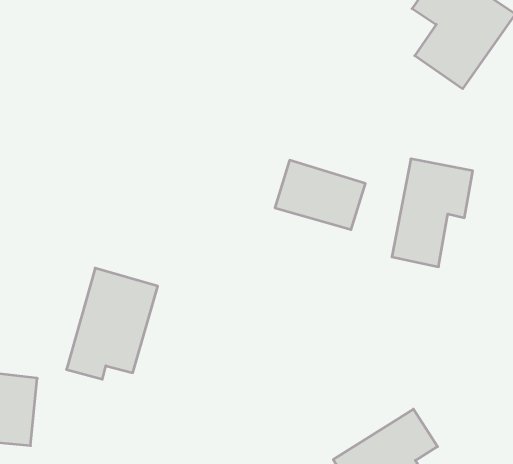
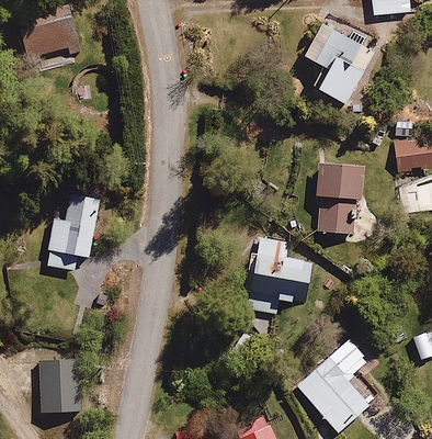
building: [275,160,365,230] -> [254,245,316,288]
building: [66,268,158,379] -> [44,188,100,266]

